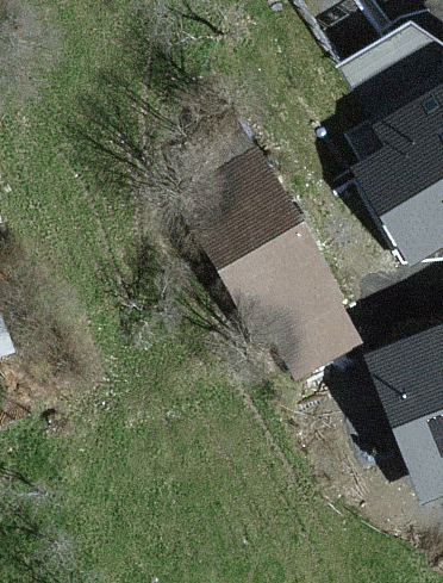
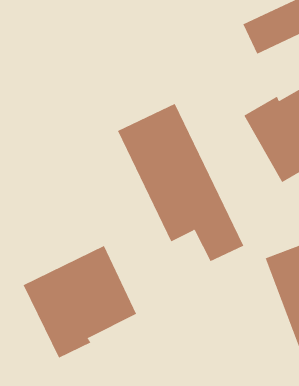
building: none -> [23,245,137,359]

